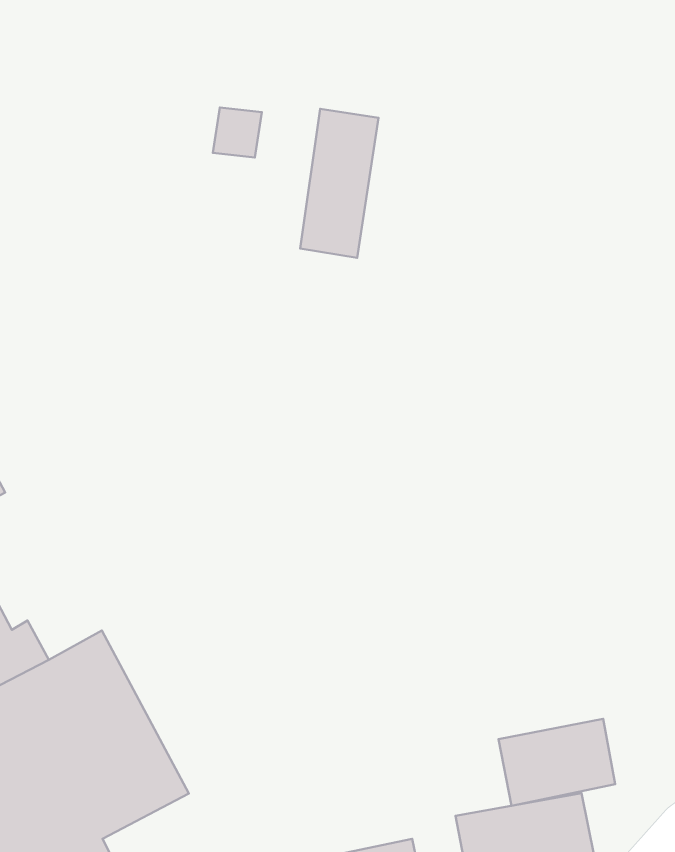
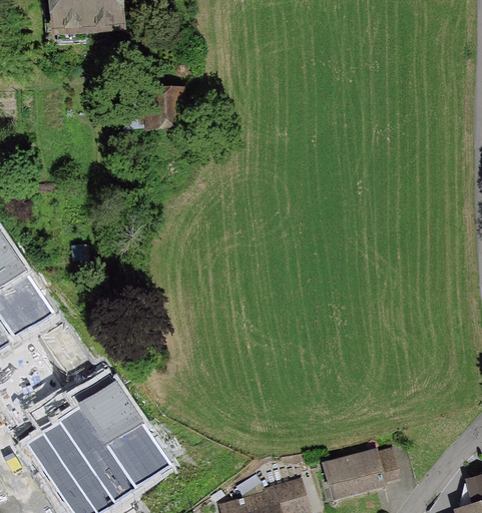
building: [300,109,379,258] -> none
building: [499,719,615,806] -> none

